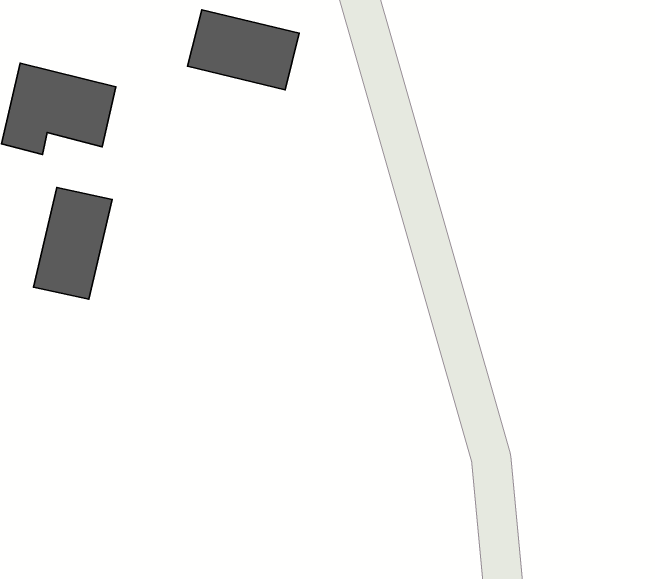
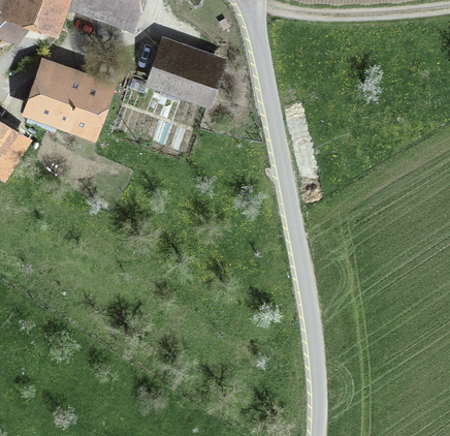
building: [34,187,112,299] -> none

